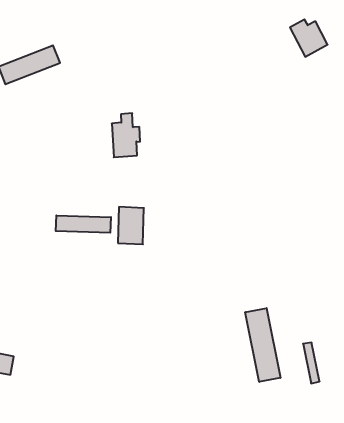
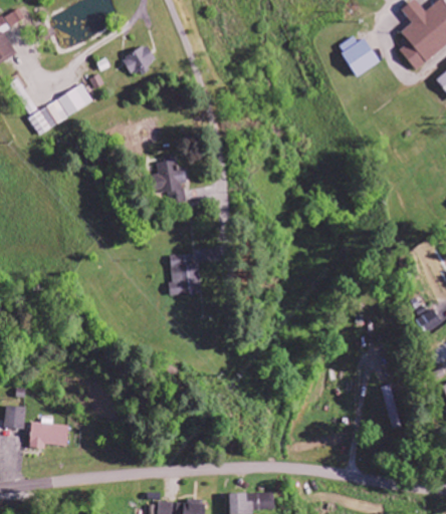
building: none -> [122,45,155,74]
building: [56,215,111,233] -> none
building: [245,308,280,382] -> none

